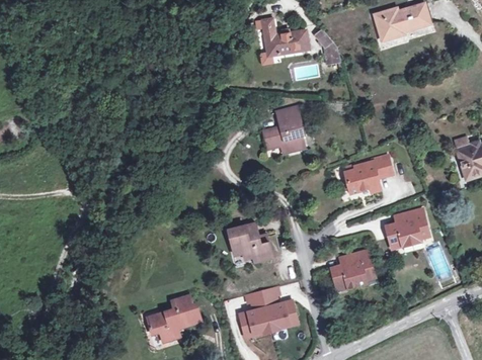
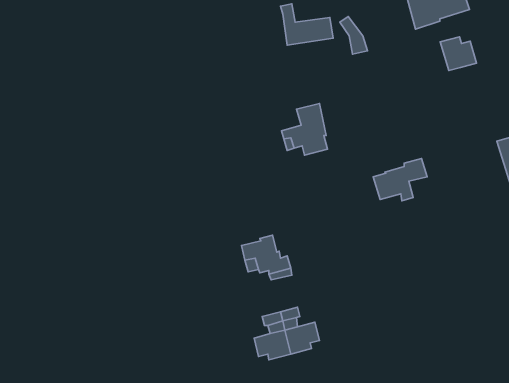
building: none -> [440,37,476,71]
building: [386,209,428,247] -> none
building: [331,250,374,287] -> none
building: [149,296,202,342] -> none

